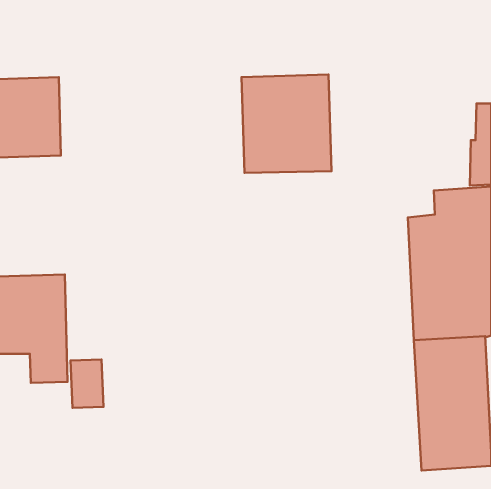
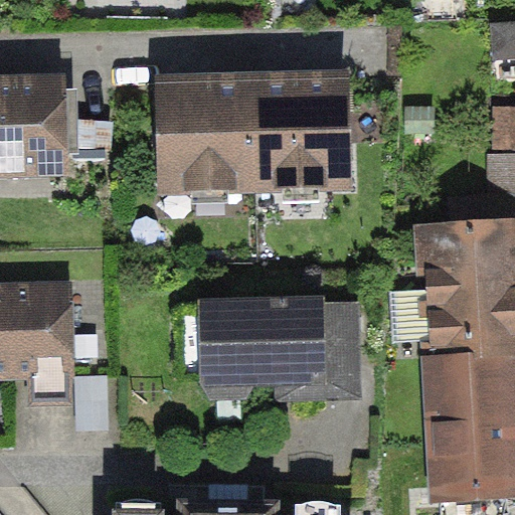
building: none -> [162,80,254,183]
building: none -> [212,299,373,399]

